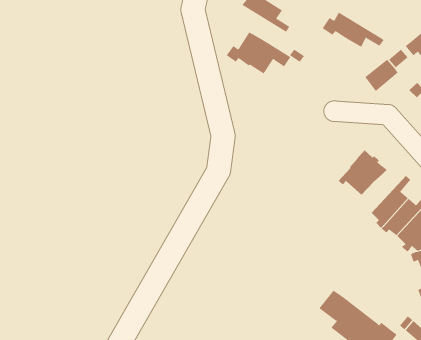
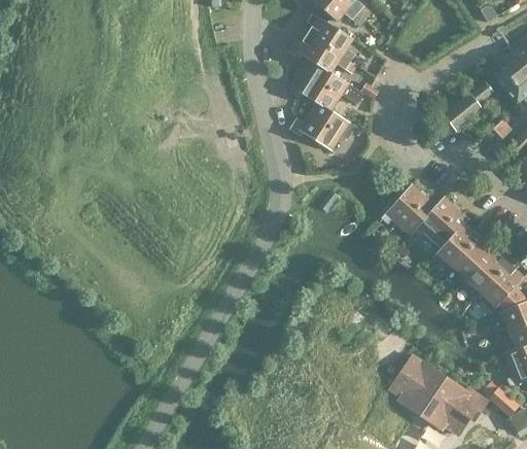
building: [322,12,384,48] -> [288,33,358,73]
building: none -> [290,101,355,150]
building: none -> [382,183,435,236]
building: none -> [433,218,491,267]

